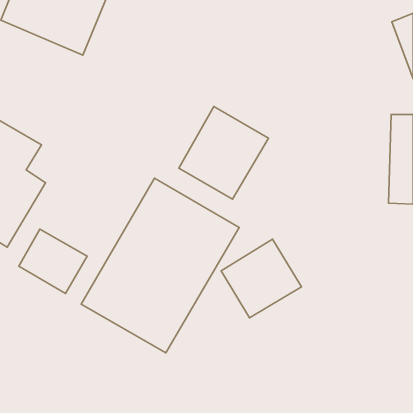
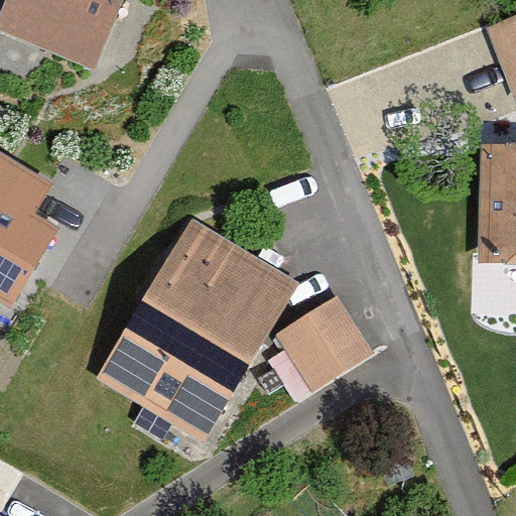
building: [179,106,269,199] -> none
building: [19,229,87,294] -> none

